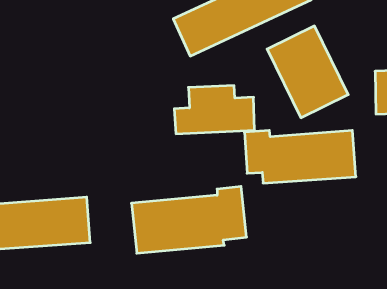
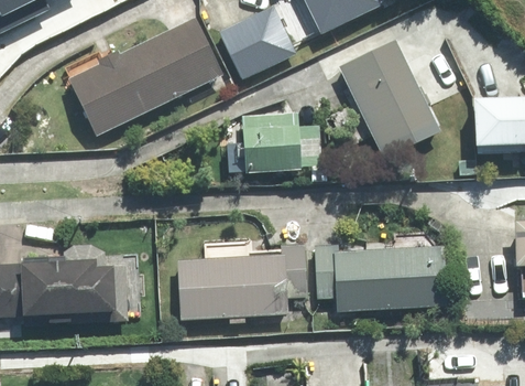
building: none -> [66,19,222,138]
building: [244,130,356,183] -> [313,245,450,310]

